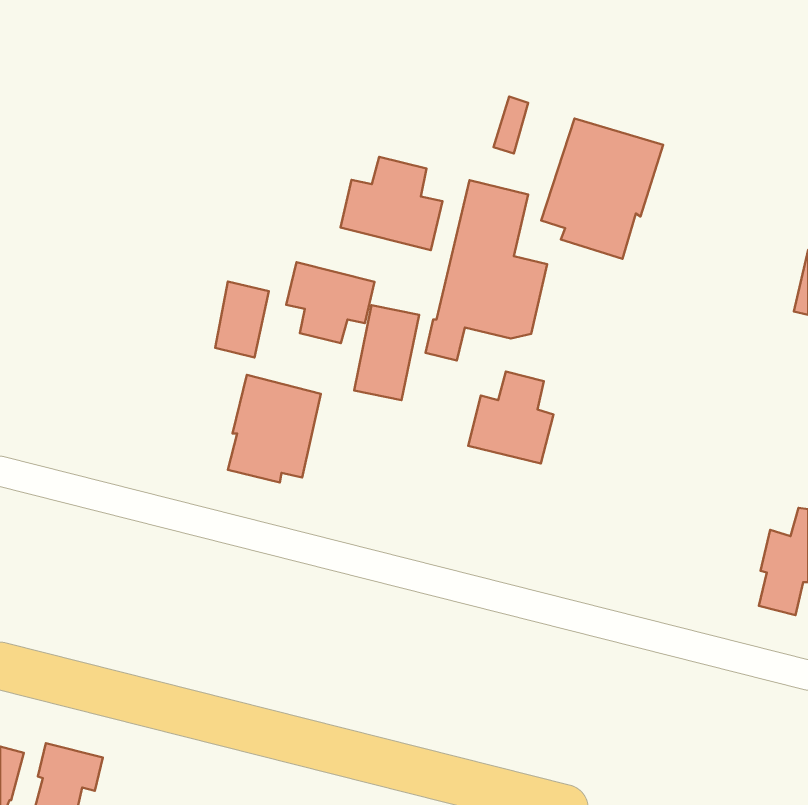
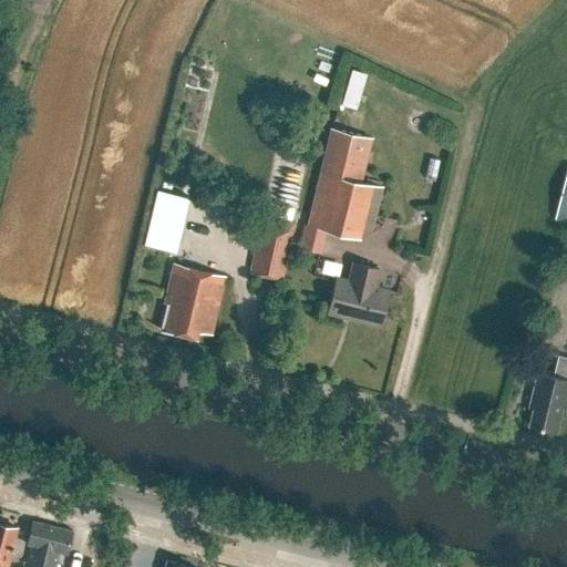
building: [541,118,663,259] -> none
building: [341,157,443,250] -> none
building: [286,262,374,343] -> none

